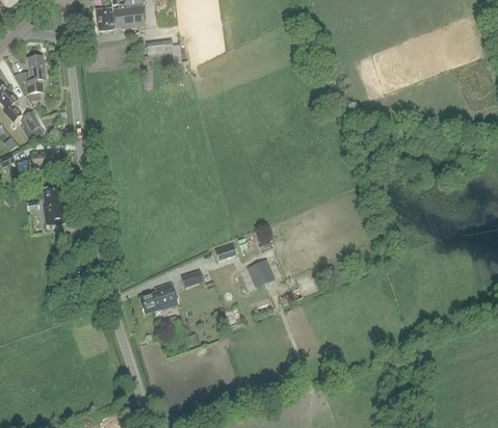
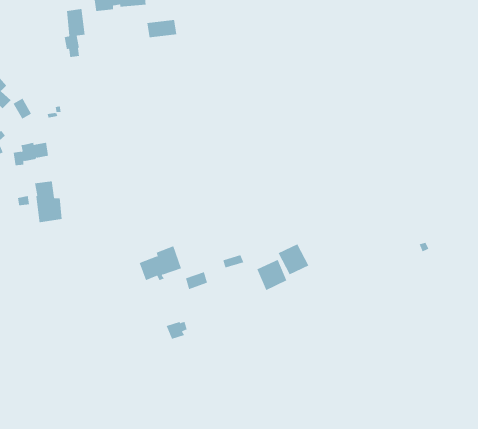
building: [25,55,45,100] -> [64,9,85,57]
building: none -> [278,243,309,275]
building: [137,282,177,314] -> [139,246,182,281]

